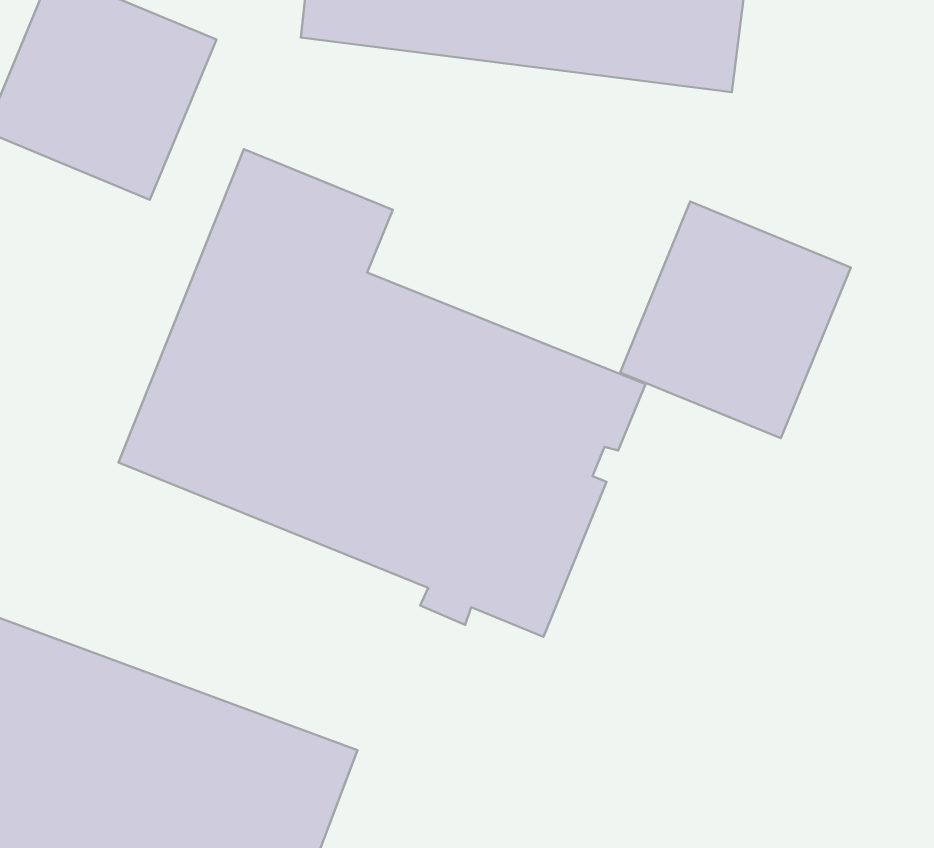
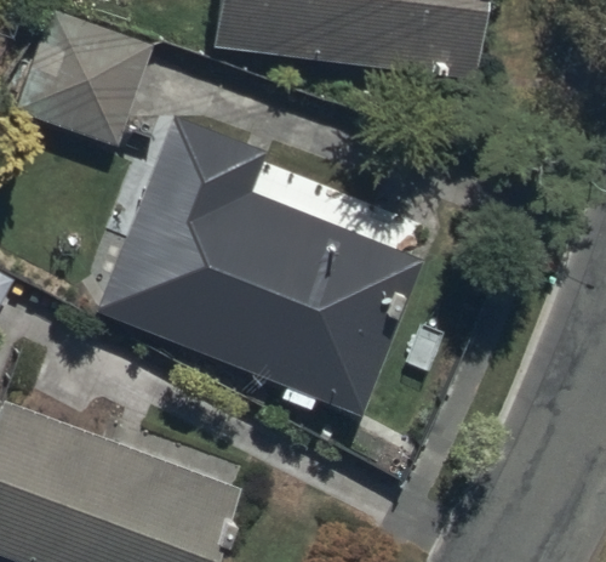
building: [620,202,851,438] -> none

